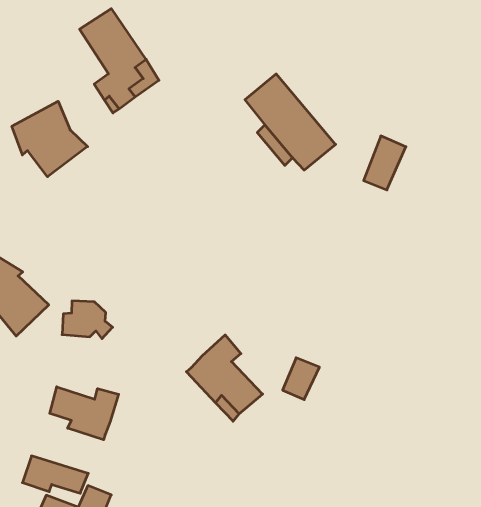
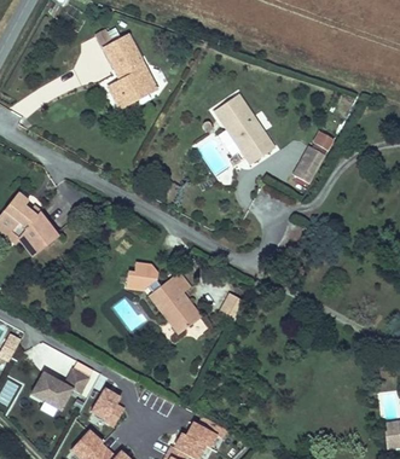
building: [12,101,88,177] -> none
building: [62,301,113,339] -> [126,265,162,294]
building: [50,387,119,440] -> none

